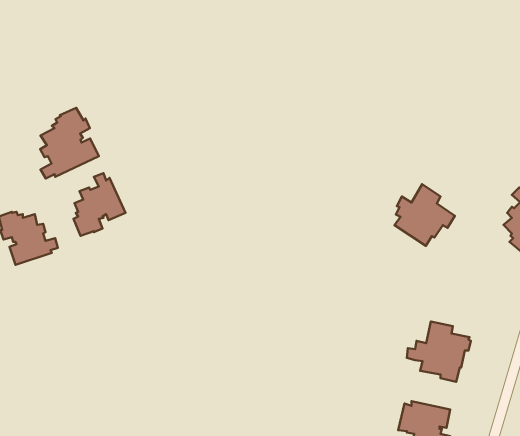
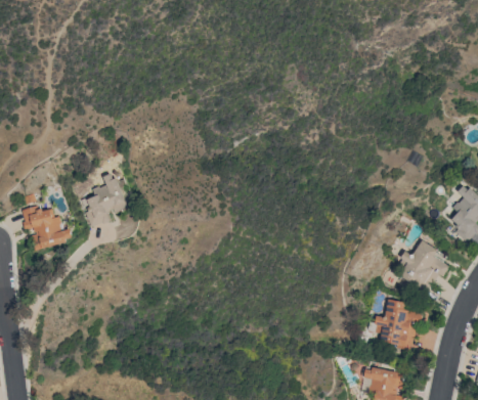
building: [40,108,99,178] -> none
building: [395,184,455,246] -> [398,239,449,292]

